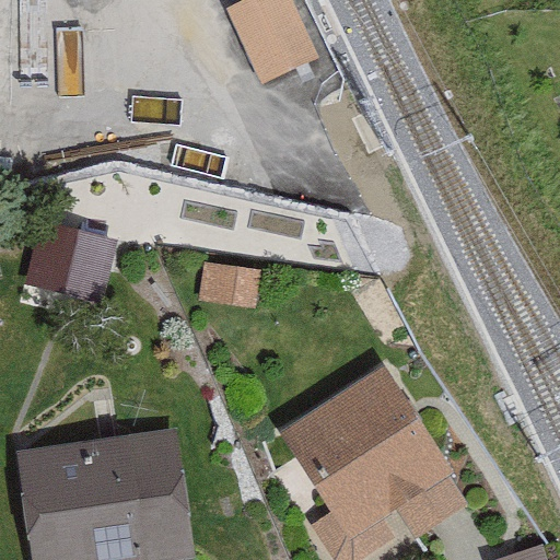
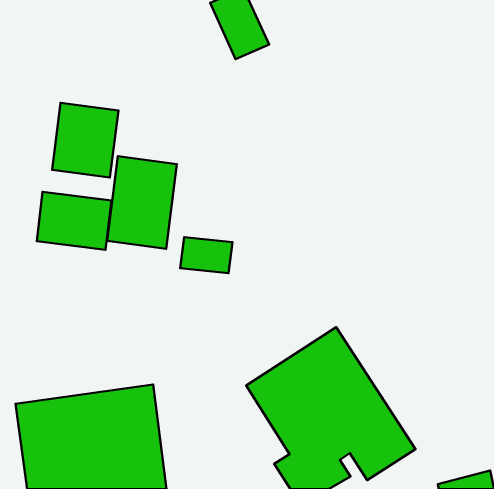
building: none -> [52,103,118,177]
building: none -> [107,156,177,249]

